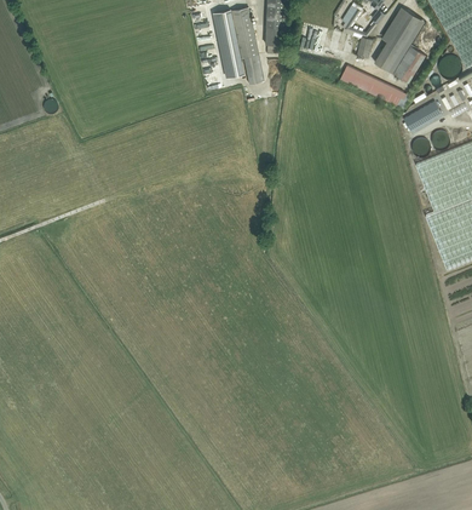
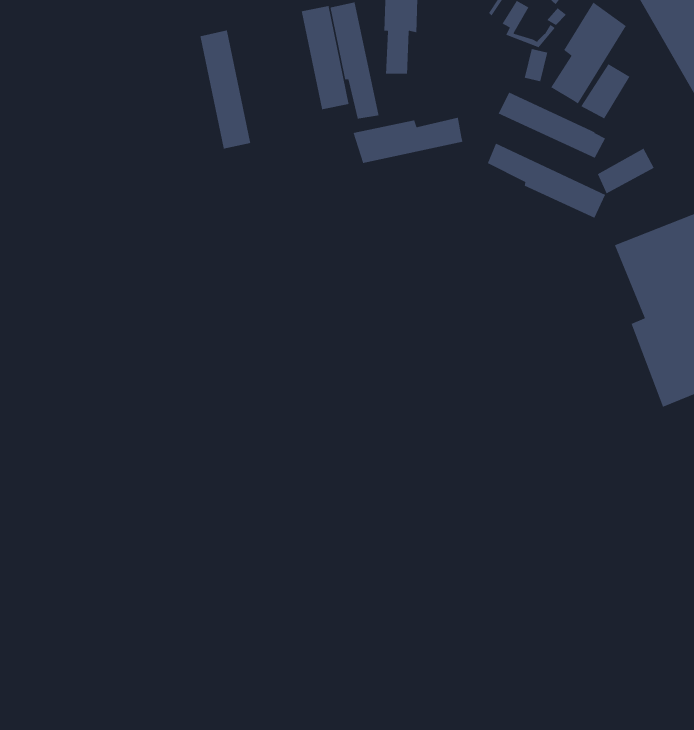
building: none -> [200,30,251,149]
building: none -> [352,117,463,164]
building: none -> [487,143,606,219]

